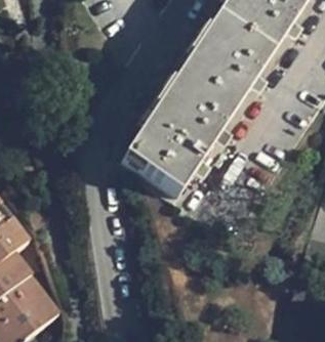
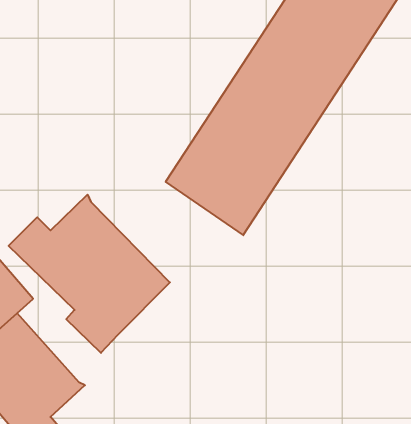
building: none -> [9,195,170,353]

